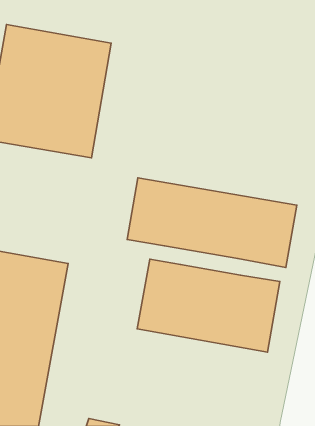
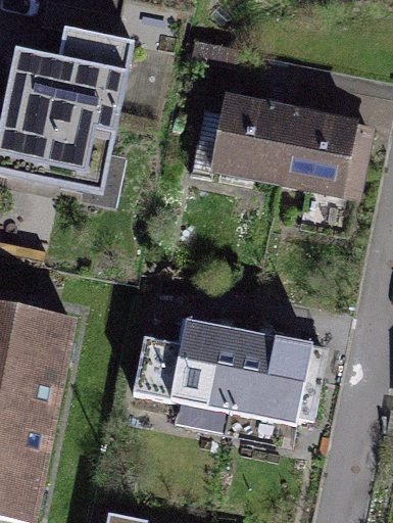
building: none -> [194,98,356,206]
building: [127,178,297,268] -> none

